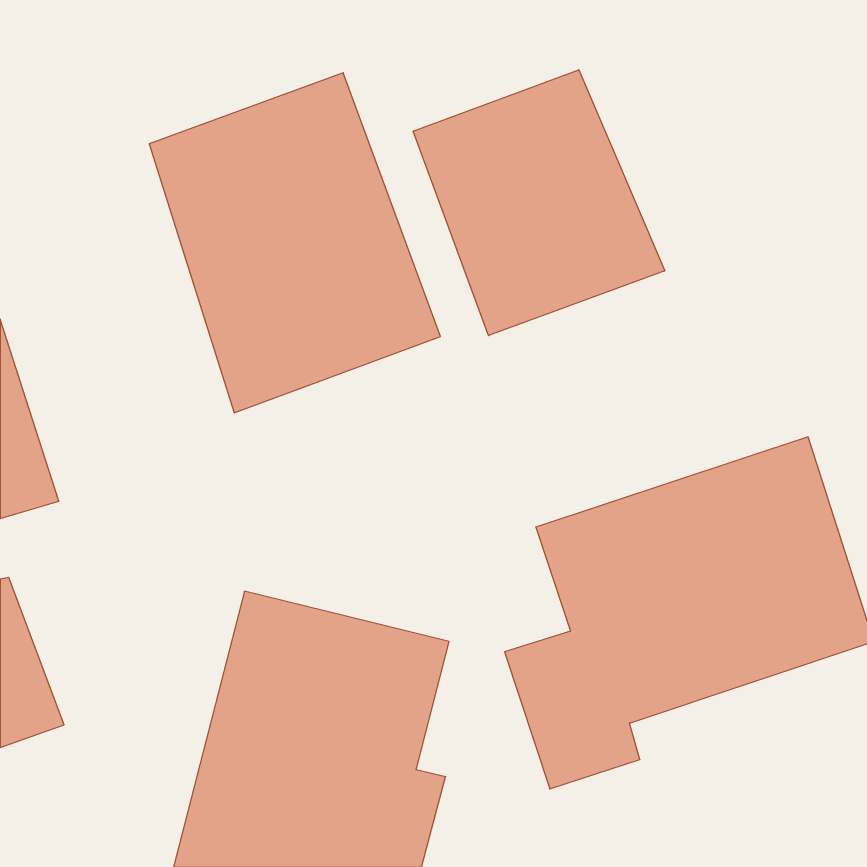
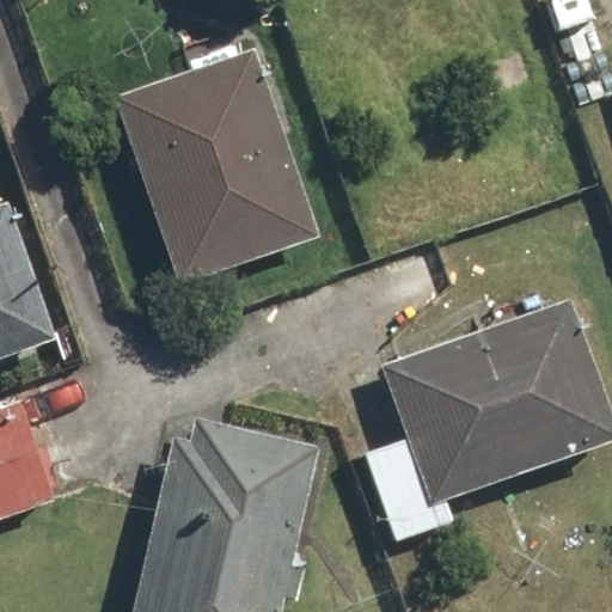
building: [413,70,665,336] -> none

